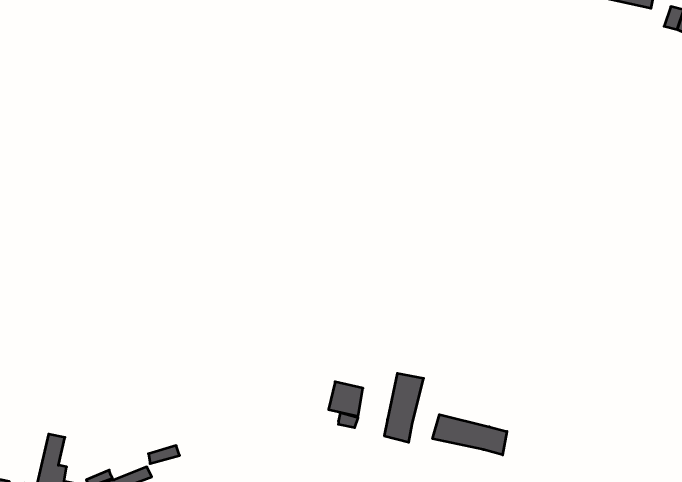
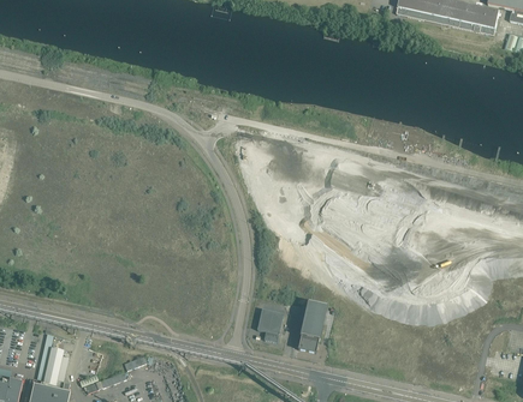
building: [433,415,507,455] -> none

